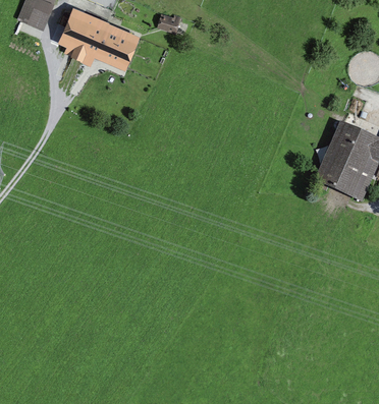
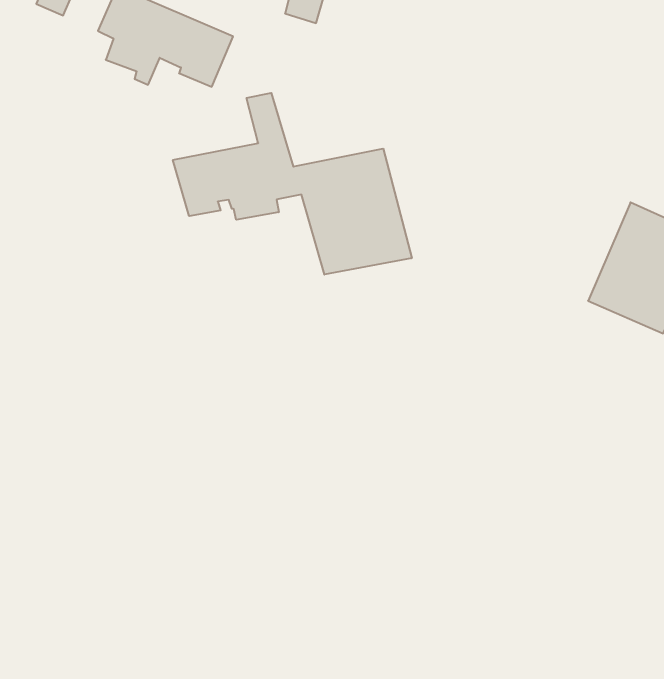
building: none -> [173,93,412,275]

